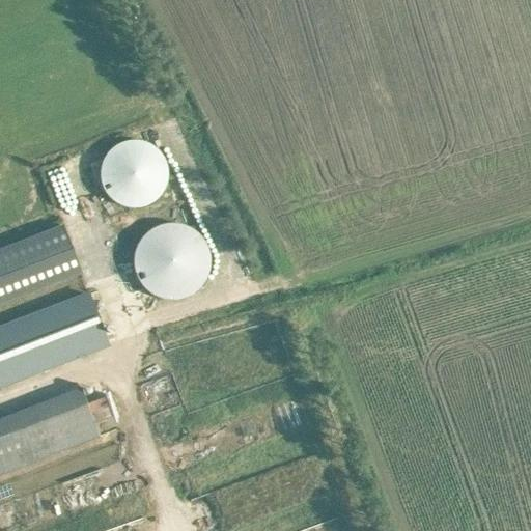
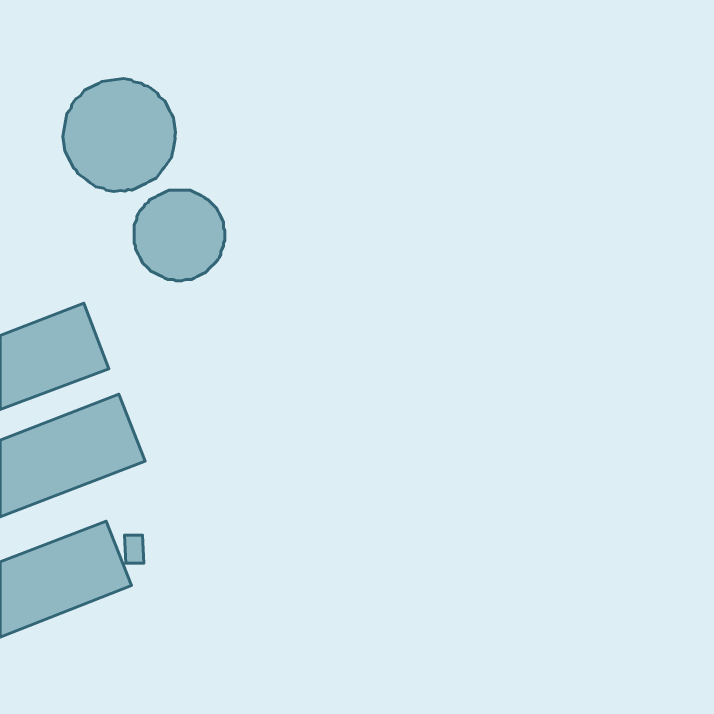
building: none -> [63,78,175,192]
building: [132,223,208,299] -> none

